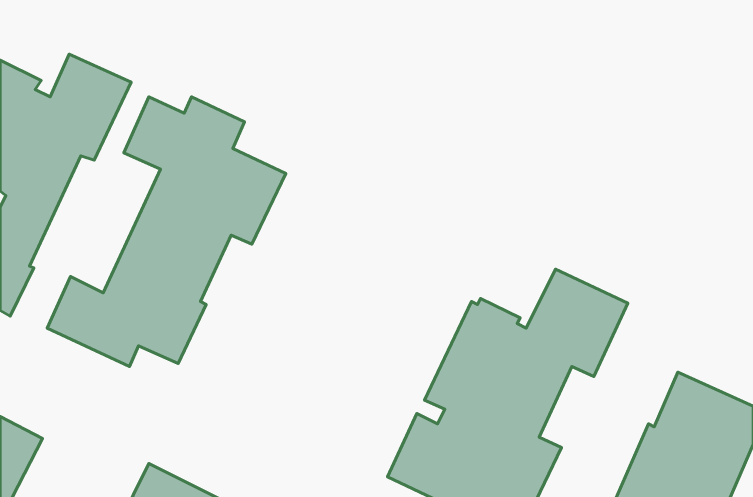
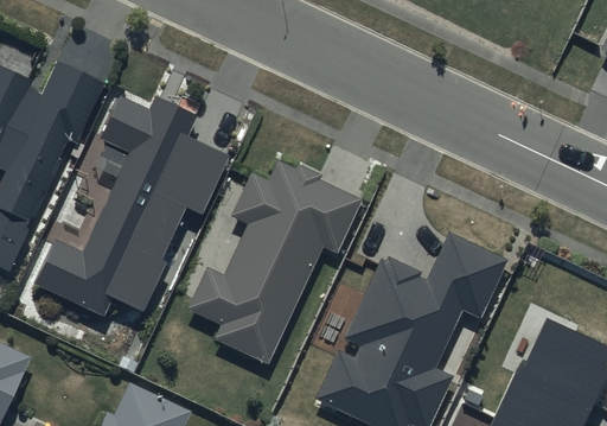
building: none -> [186,159,356,364]

